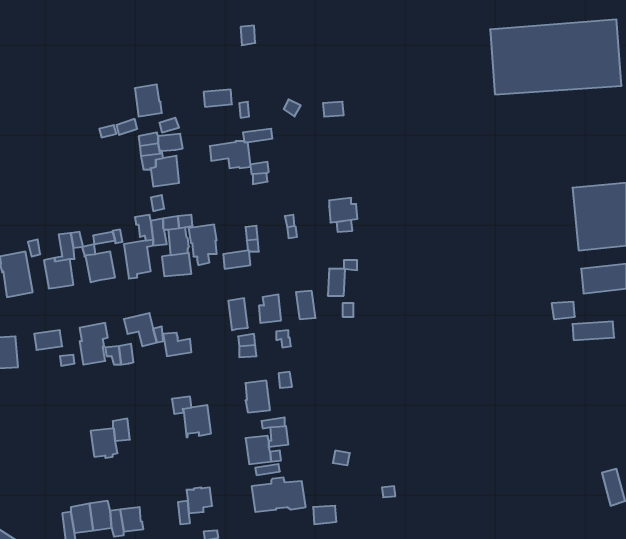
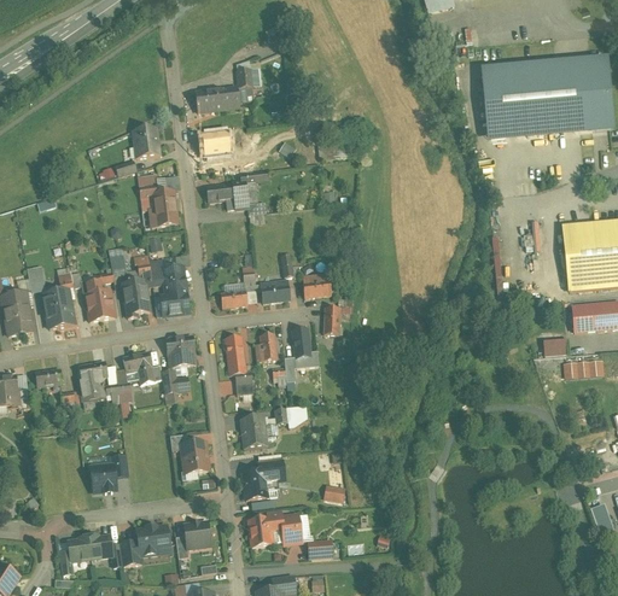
building: none -> [196,86,240,111]
building: [329,198,357,223] -> [303,273,331,297]
building: [188,225,217,265] -> [167,334,194,374]
building: none -> [261,279,290,302]
building: none -> [136,525,170,555]

